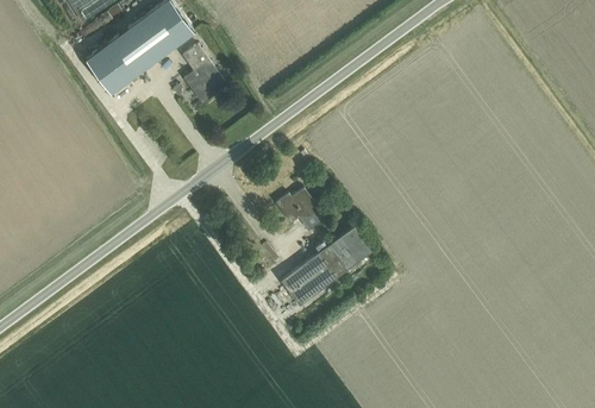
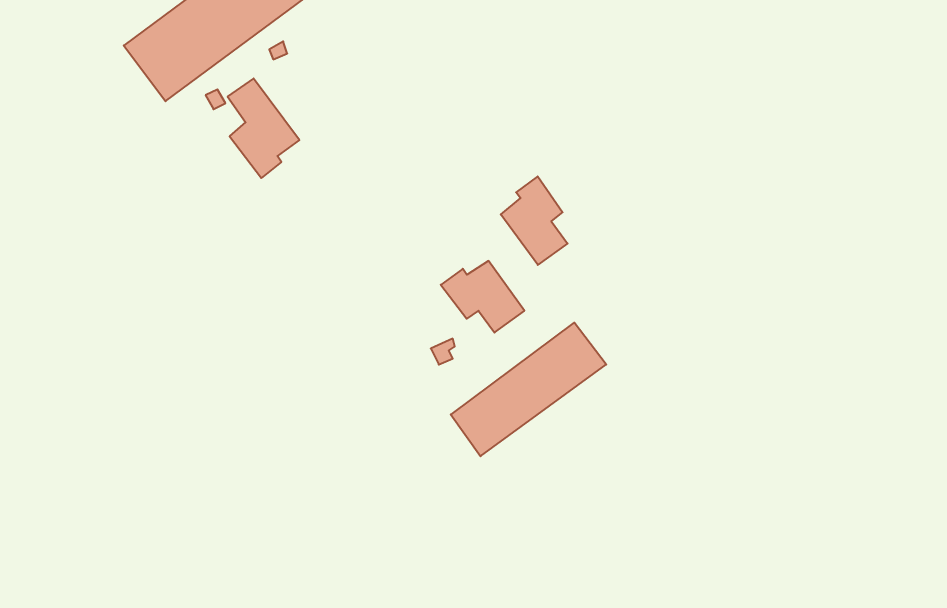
building: [182,45,225,105] -> [228,78,299,178]
building: none -> [501,176,568,265]

